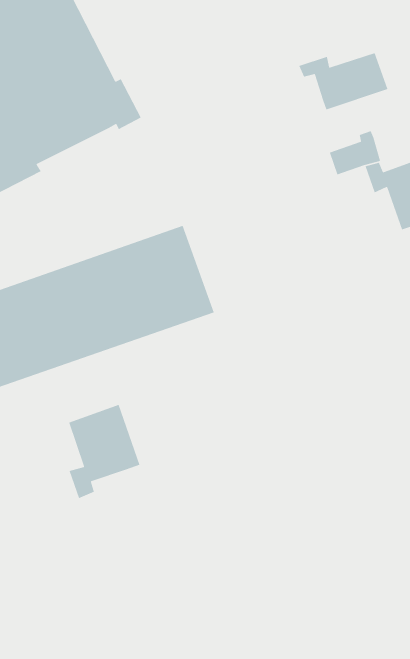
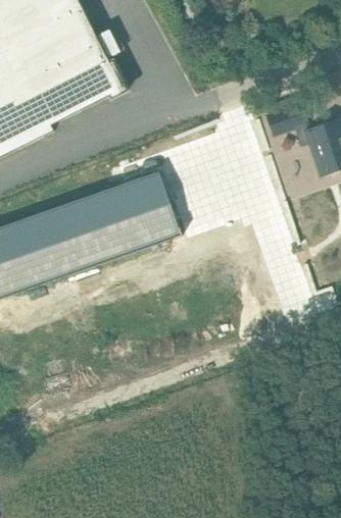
building: [298,52,388,110] -> none
building: [68,404,140,499] -> none

